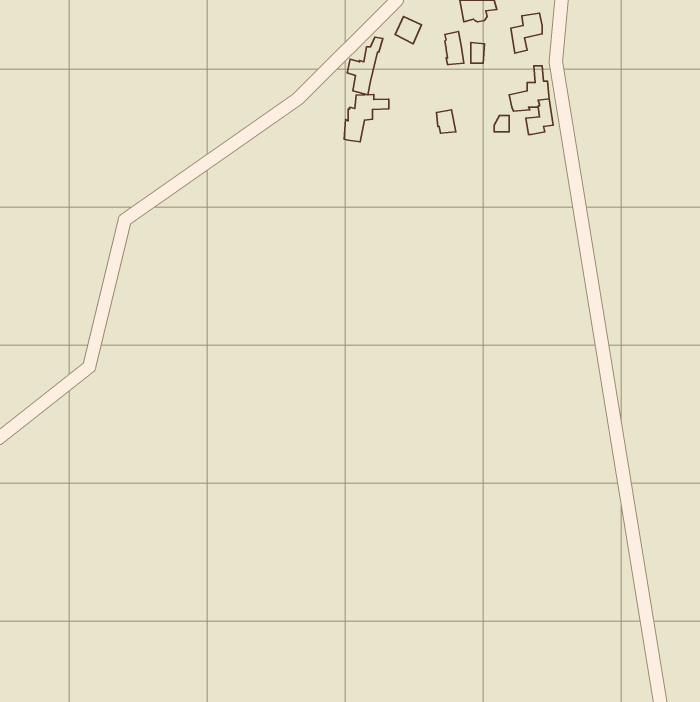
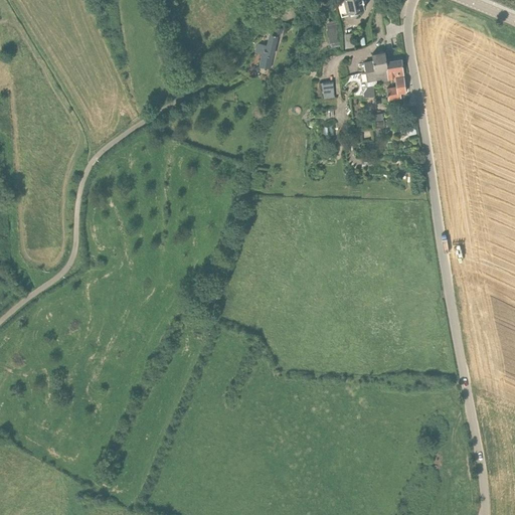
building: [511,13,542,53] -> [363,51,386,80]
building: [344,95,389,142] -> none

